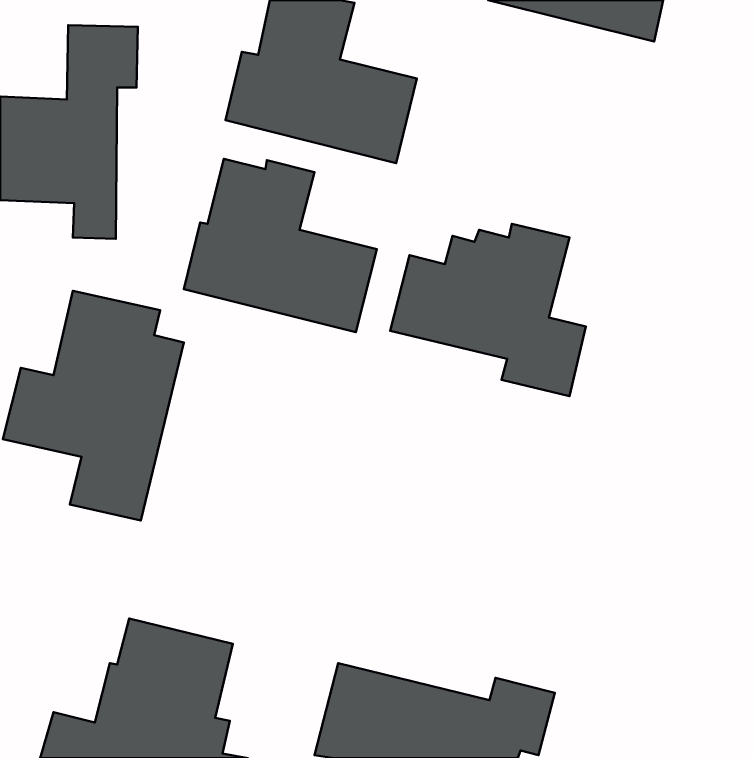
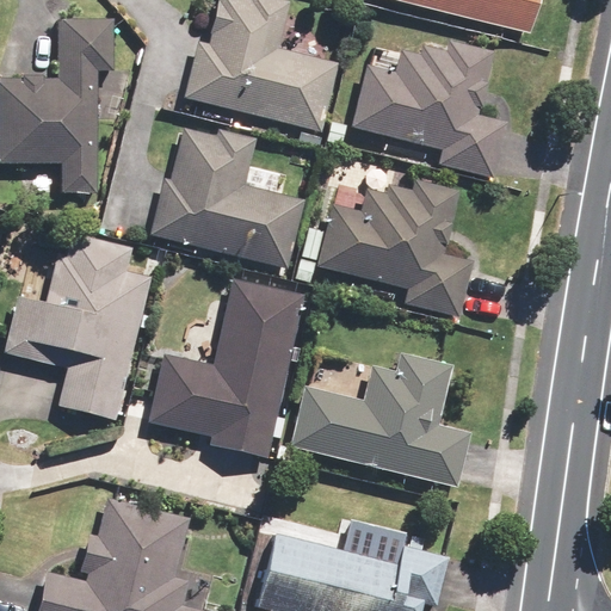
building: none -> [352,41,507,180]
building: none -> [148,280,303,458]
building: none -> [291,354,470,487]

